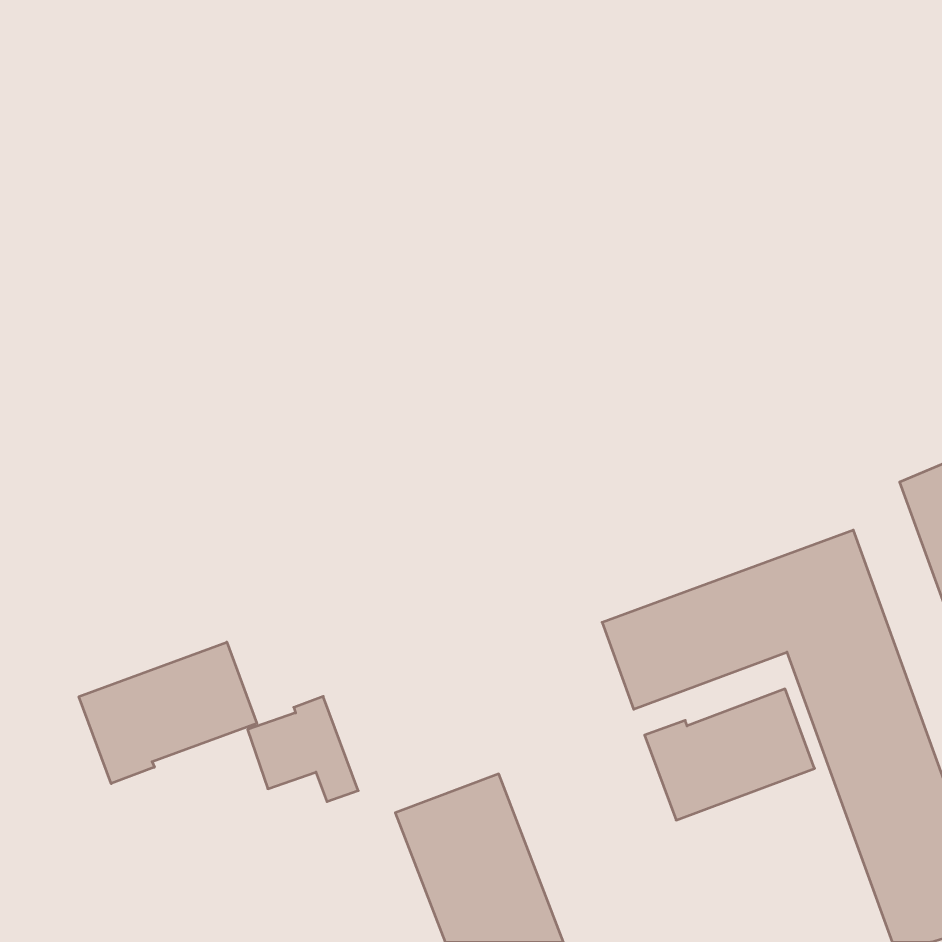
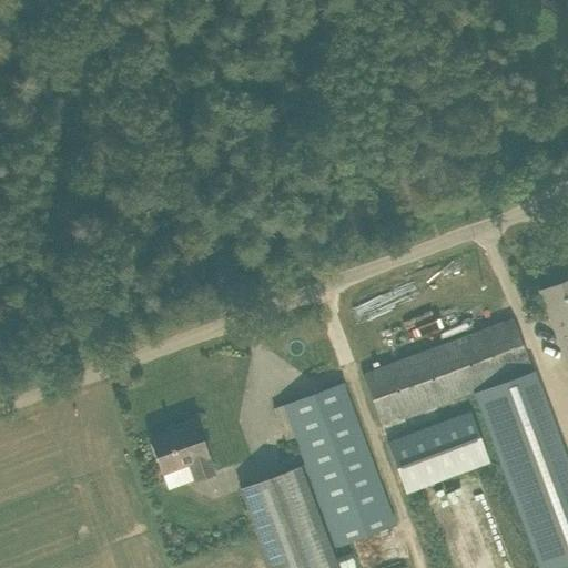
building: none -> [284,382,397,547]
building: [79,642,257,784] -> none

